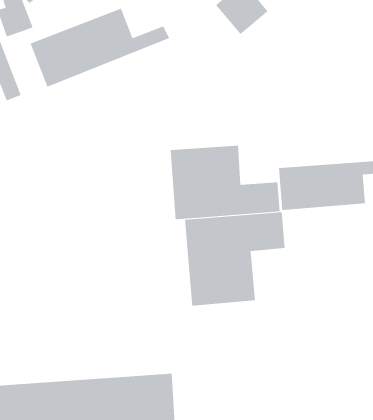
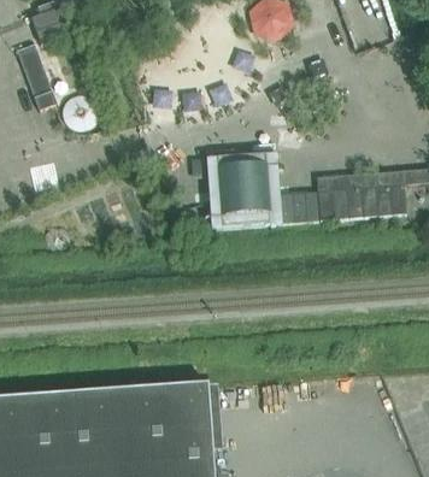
building: [30,8,170,87] -> none
building: [184,212,285,307] -> none

